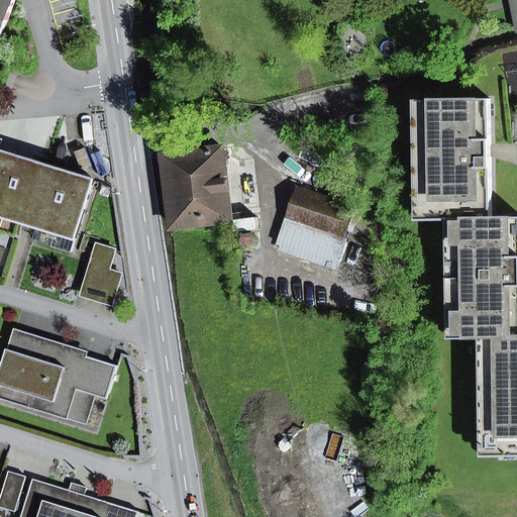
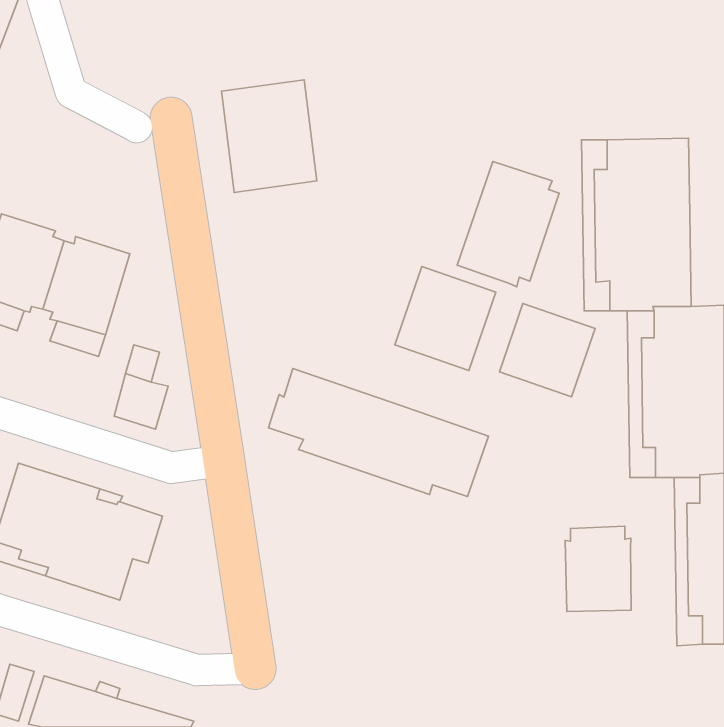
building: none -> [457,161,559,287]
building: [162,147,229,227] -> [221,80,317,192]
building: none -> [499,304,595,397]
building: none -> [269,368,489,497]
building: none -> [565,526,631,611]

